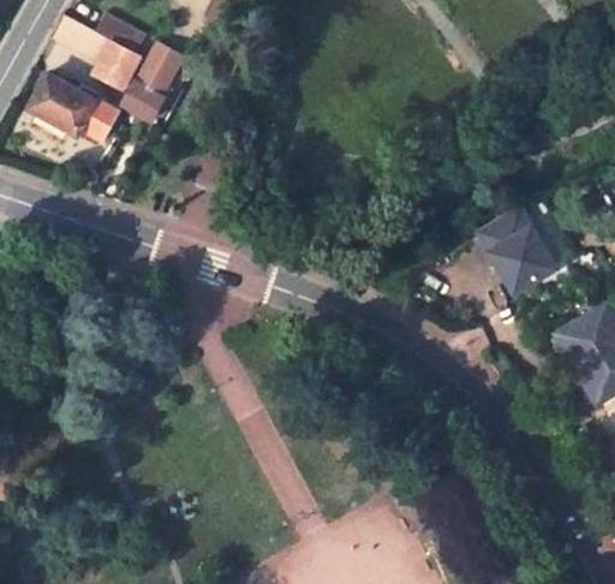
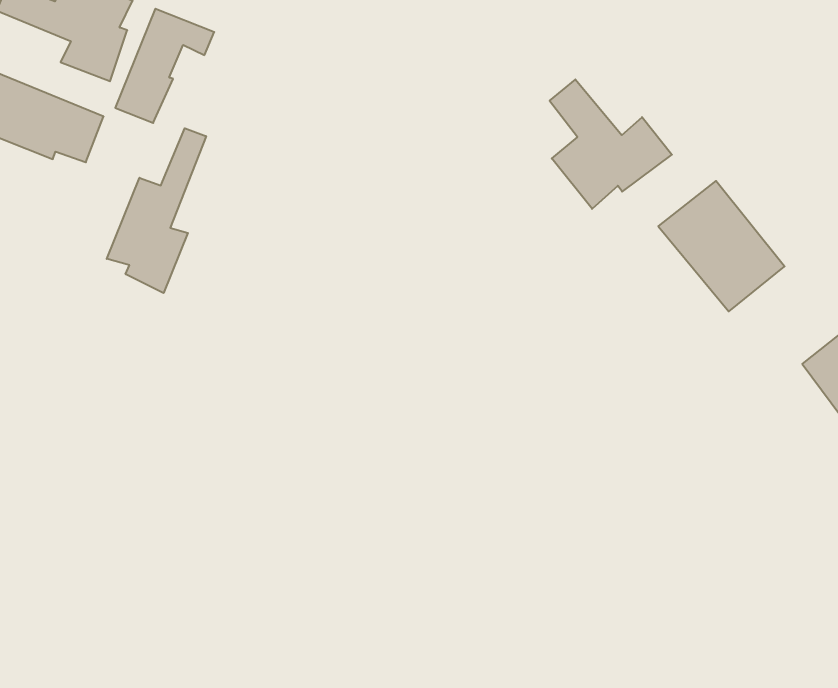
building: none -> [107,128,206,293]
building: none -> [550,79,672,209]

